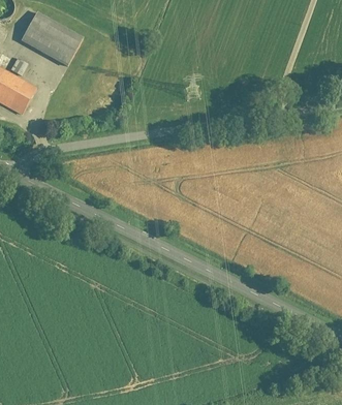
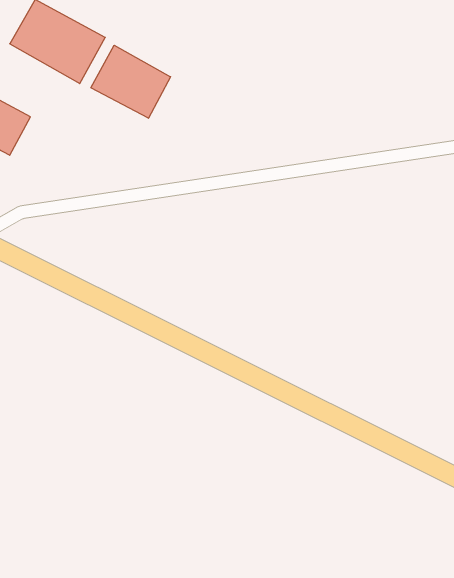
building: none -> [91,45,171,118]

